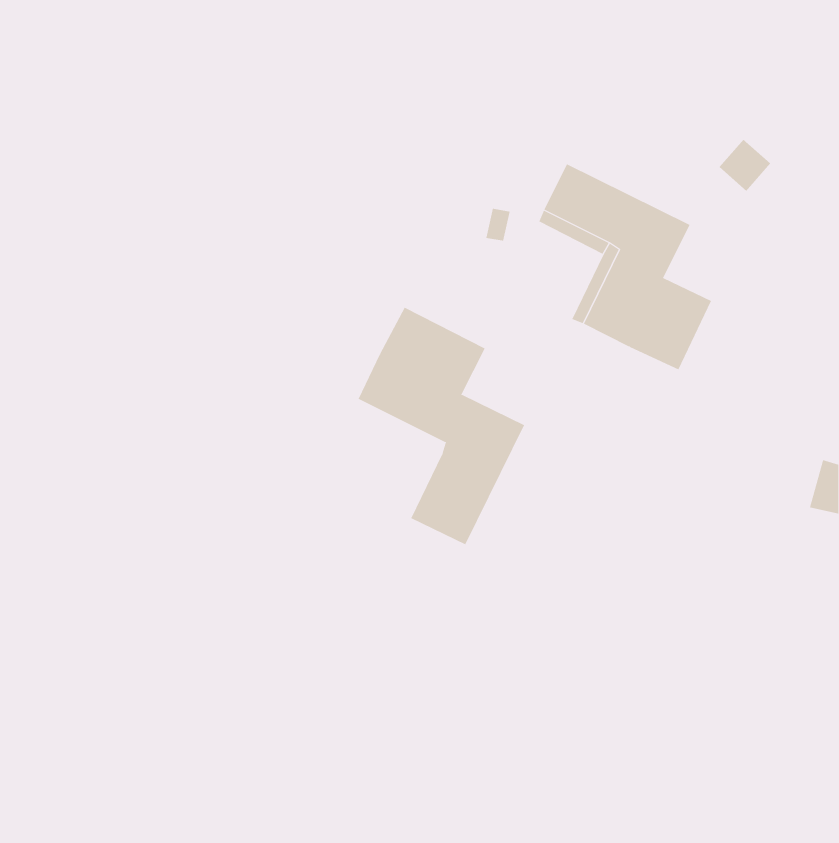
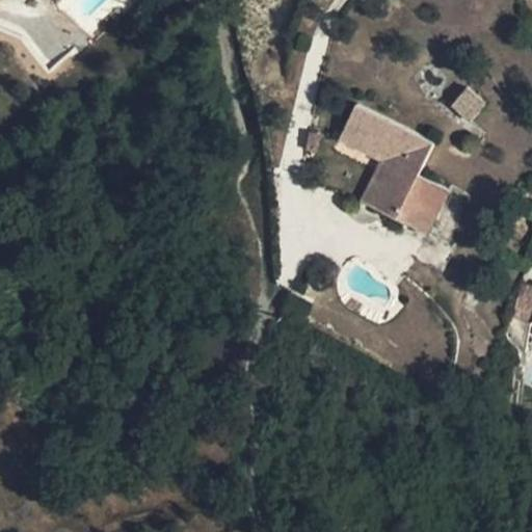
building: [358,307,525,545] -> none

